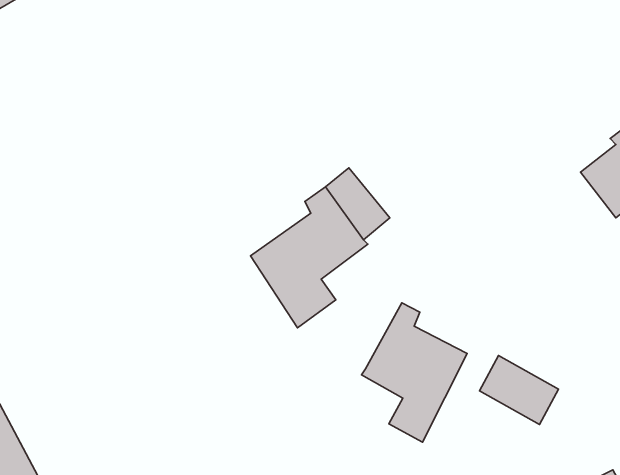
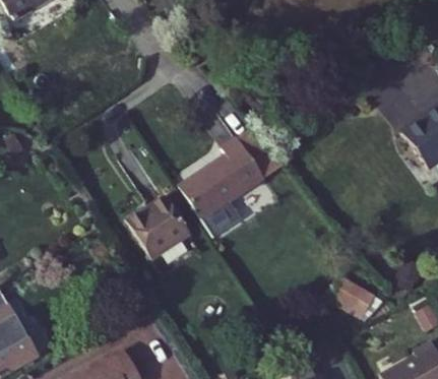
building: none -> [125,204,191,270]
building: [361,303,467,442] -> none

